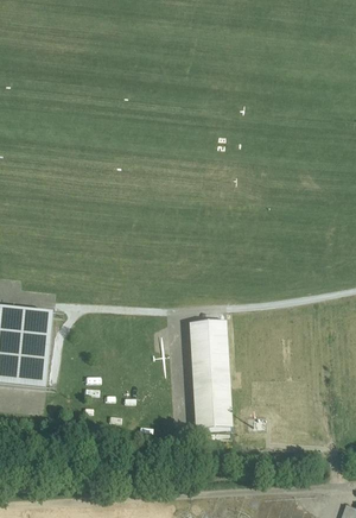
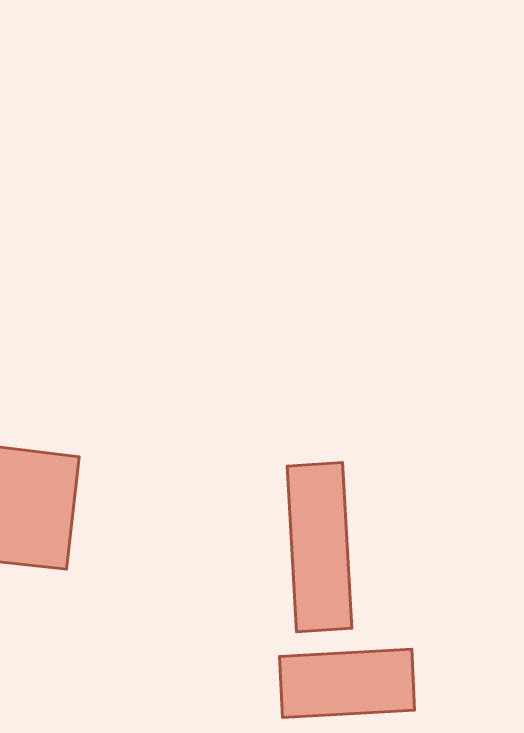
building: none -> [280,649,415,718]

